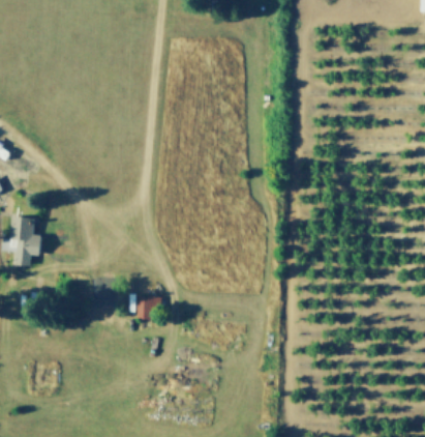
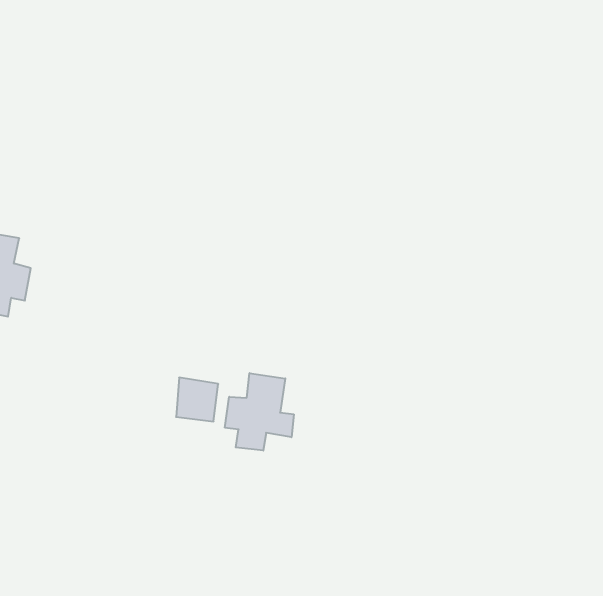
building: none -> [225,373,294,451]

